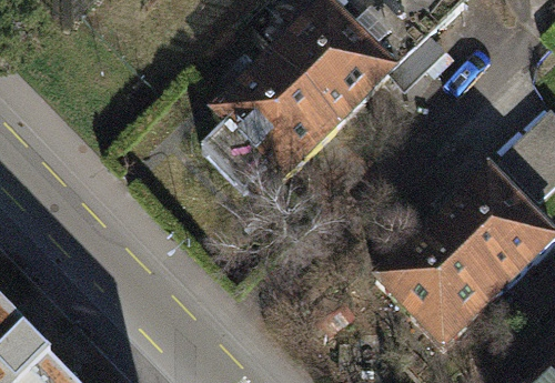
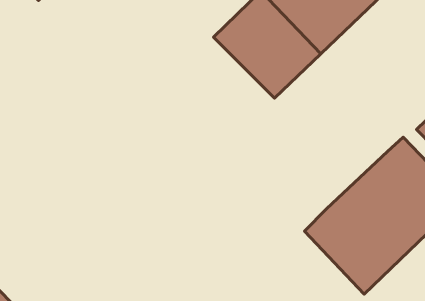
building: [203,46,342,183] -> none

